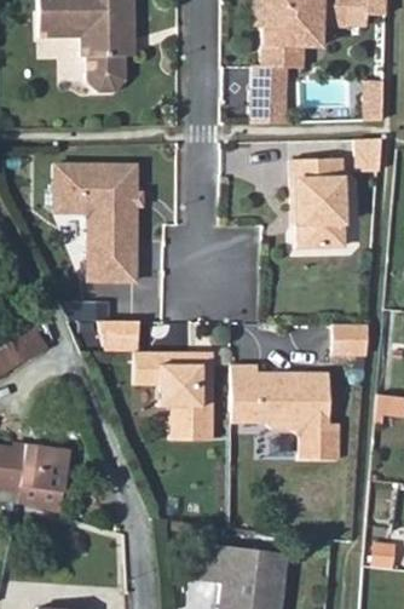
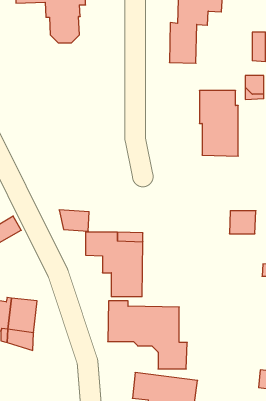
building: [54,163,138,281] -> none
building: [229,363,337,456] -> [108,301,187,369]

